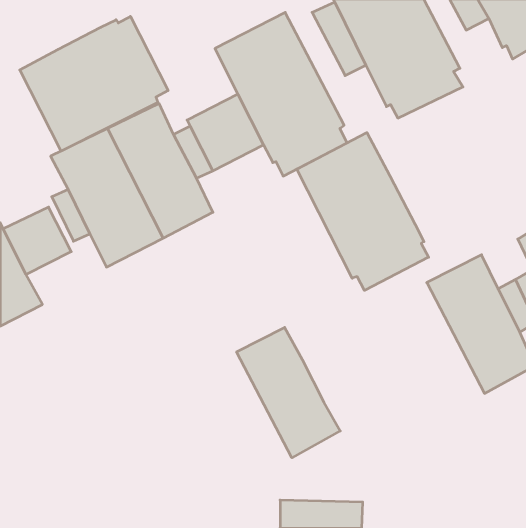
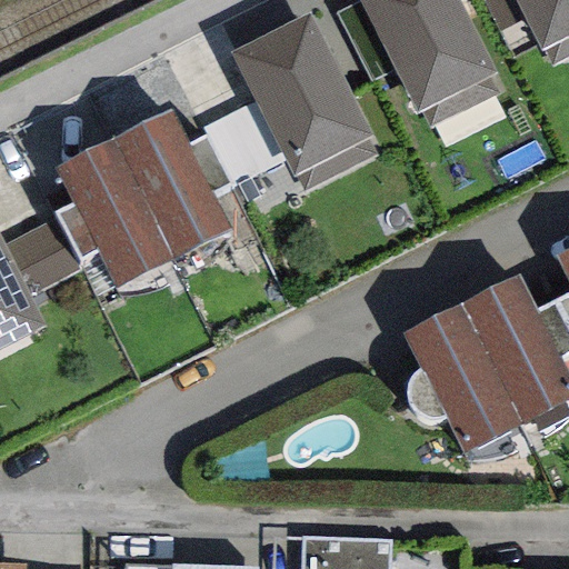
building: [20,16,168,151] -> none
building: [297,133,429,290] -> none
building: none -> [405,303,523,451]
building: [237,327,340,458] -> none

